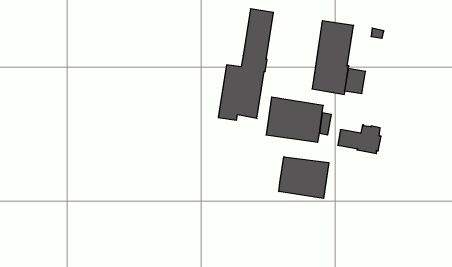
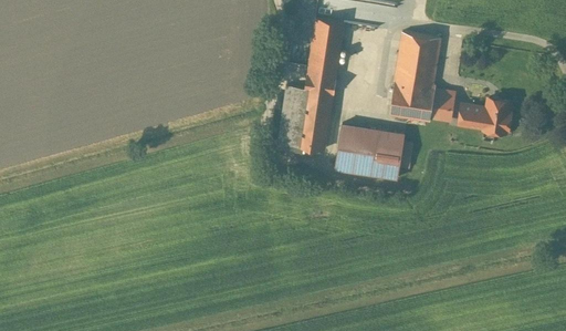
building: [338,125,381,154] -> [458,97,510,132]
building: [279,157,329,198] -> none

